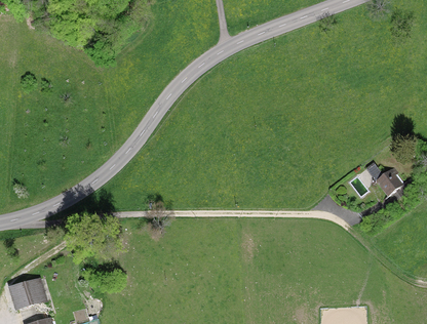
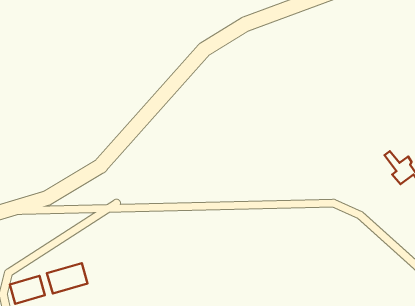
building: none -> [47,263,88,293]

